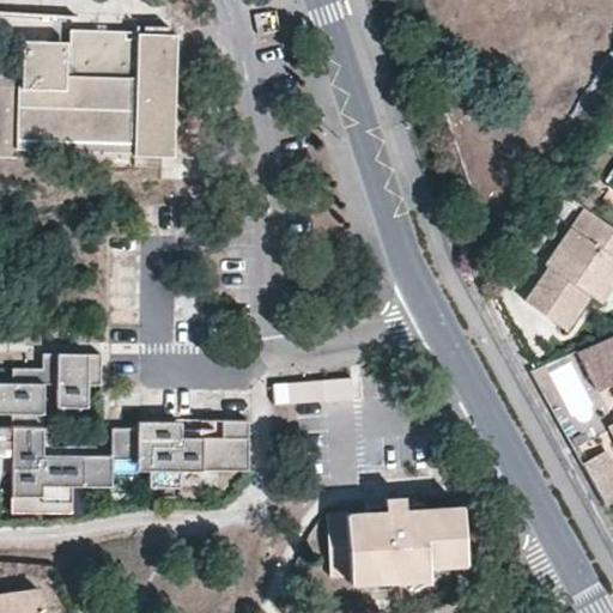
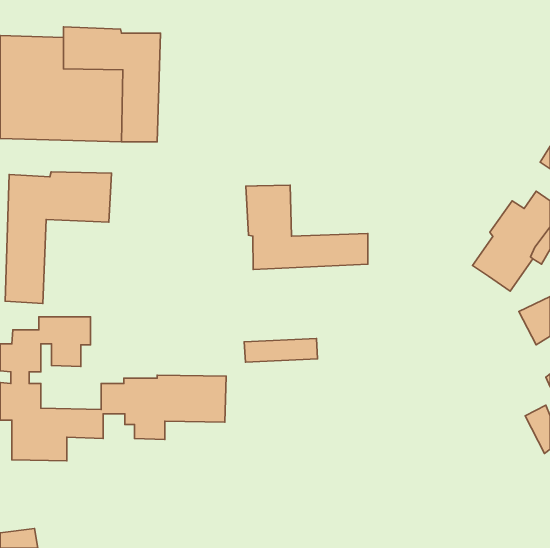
building: none -> [5,172,112,304]
building: none -> [246,185,368,269]
building: [327,497,471,587] -> none

